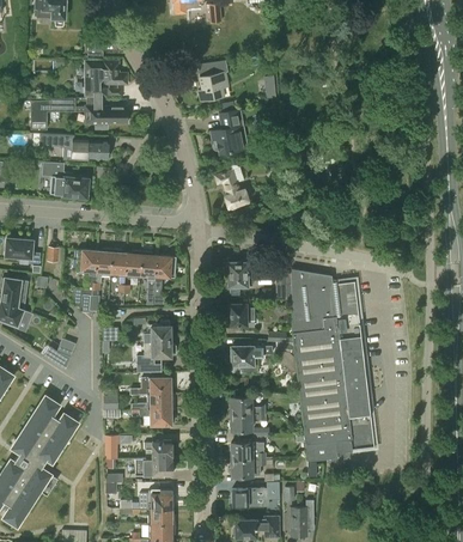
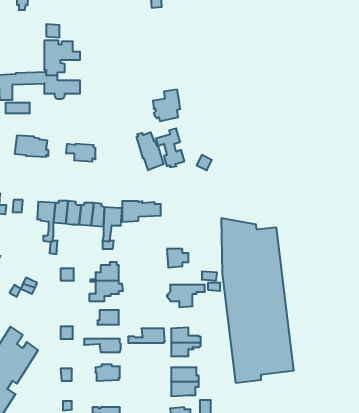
building: [197,72,227,102] -> none
building: [75,140,110,160] -> [66,144,96,161]
building: none -> [137,132,164,170]
building: [227,263,273,287] -> [122,201,161,222]
building: [130,394,173,410] -> [128,328,165,343]
building: [134,458,172,476] -> none

